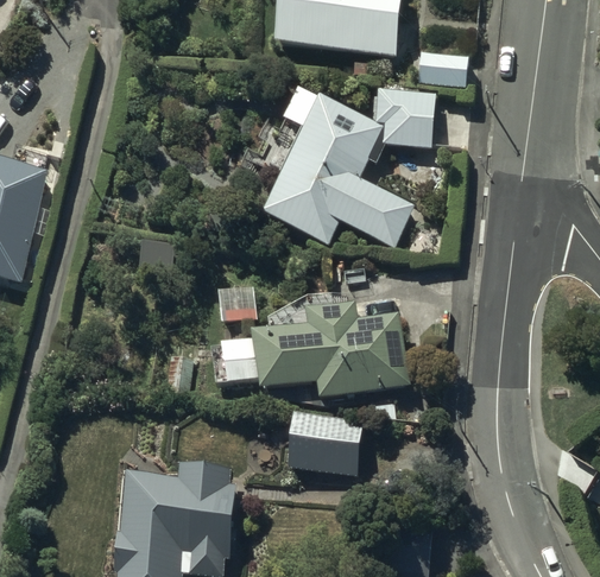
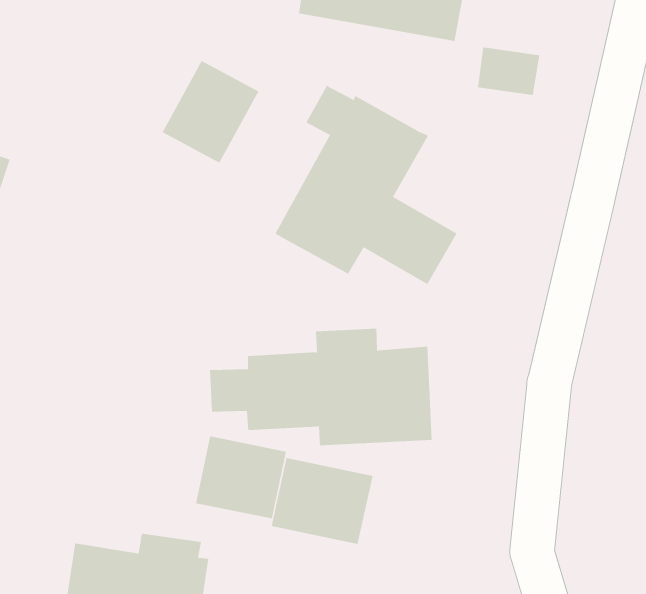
building: none -> [162,60,259,164]
building: [374,91,463,148] -> none
building: none -> [196,436,287,519]

